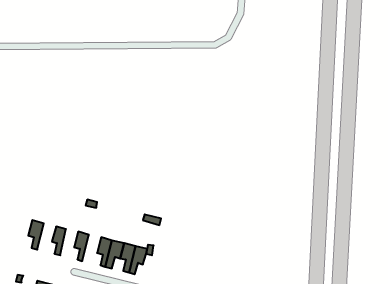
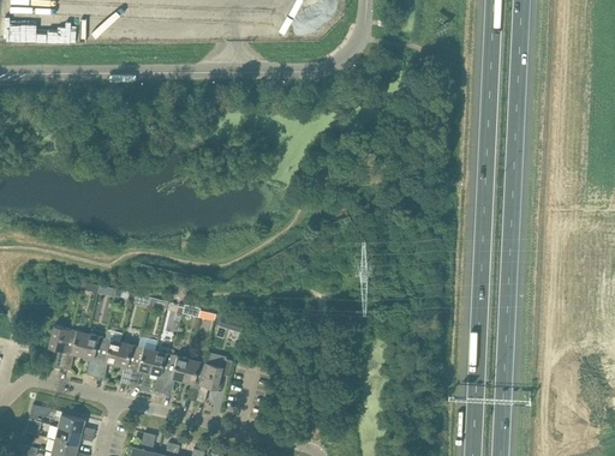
building: none -> [61,329,89,370]
building: none -> [95,337,121,378]
building: none -> [127,346,155,386]

